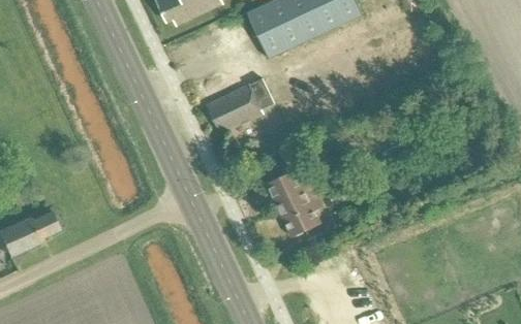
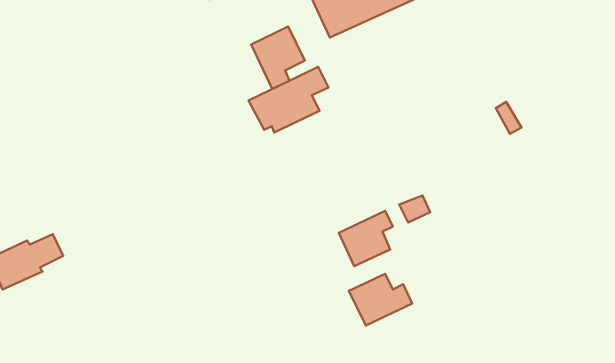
building: none -> [251,27,305,89]
building: [265,170,315,212] -> [349,274,412,325]

